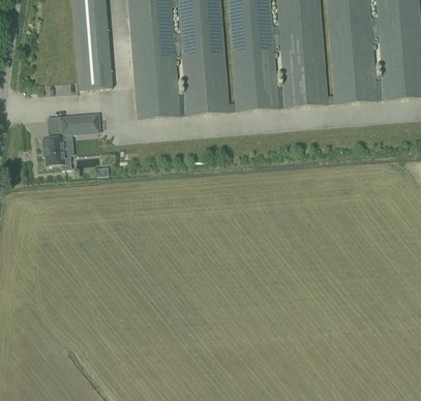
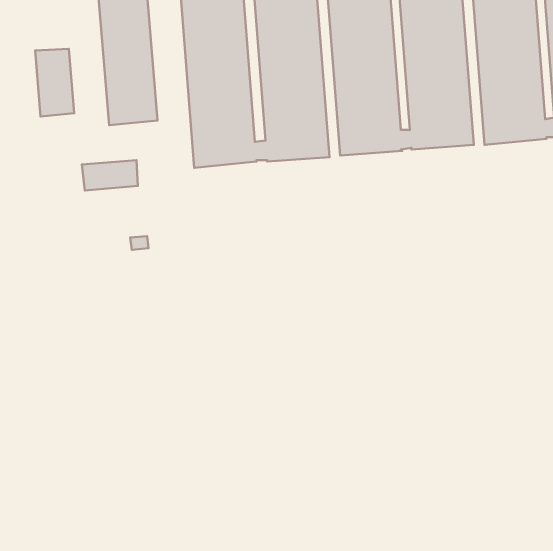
building: none -> [35,49,74,117]
building: [43,136,71,168] -> none

